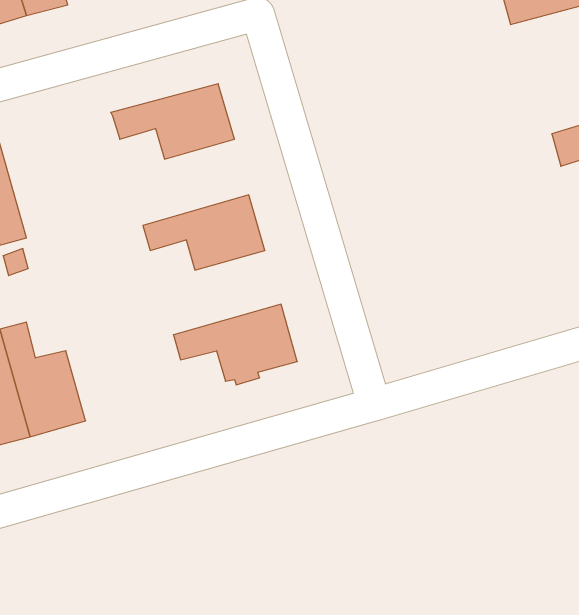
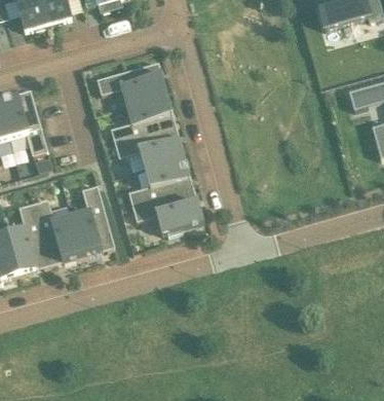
building: none -> [110,93,175,142]
building: none -> [127,156,193,205]
building: none -> [70,183,114,254]

